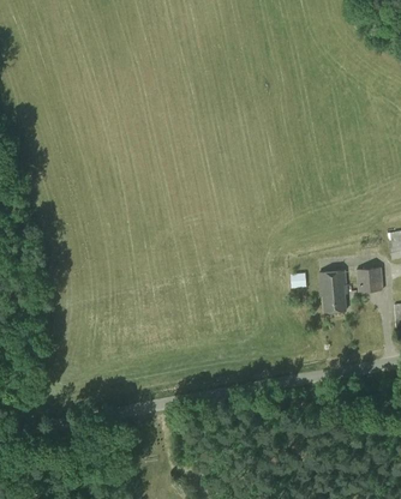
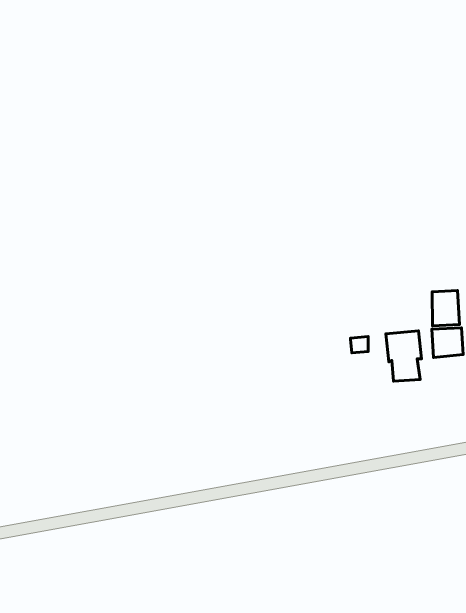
building: none -> [432,291,459,326]

